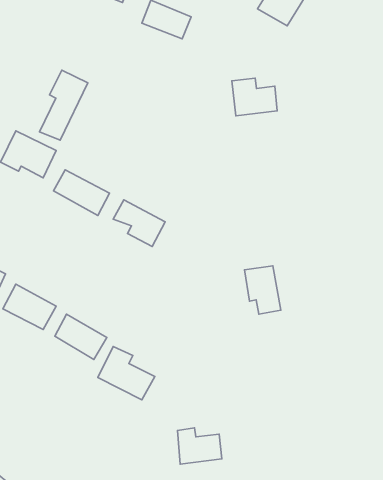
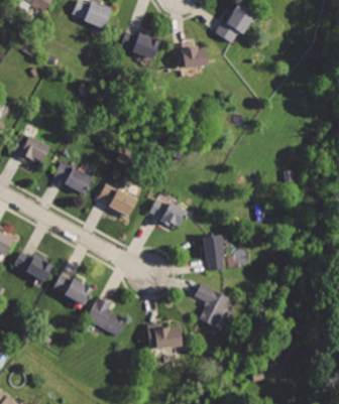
building: [40,70,88,140] -> none
building: [232,78,277,116] -> [175,42,210,72]
building: none -> [149,198,187,232]
building: none -> [195,282,233,330]
building: [178,428,222,464] -> [149,323,184,352]

